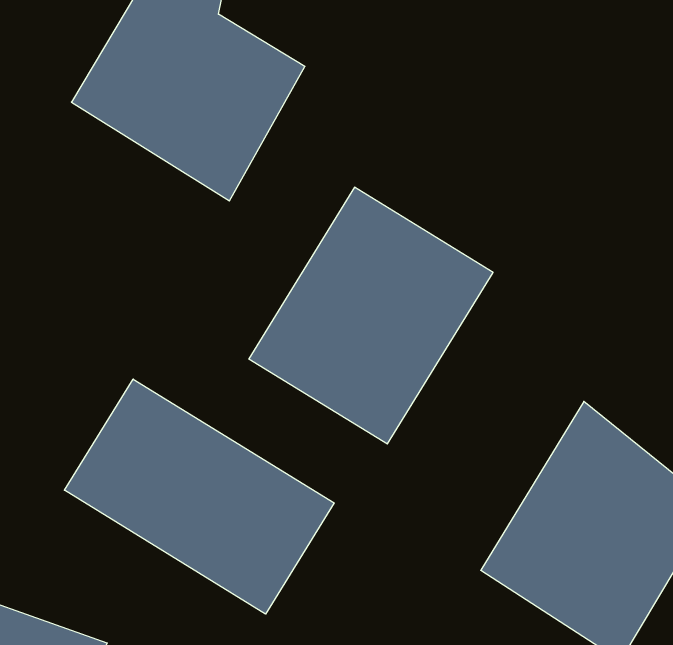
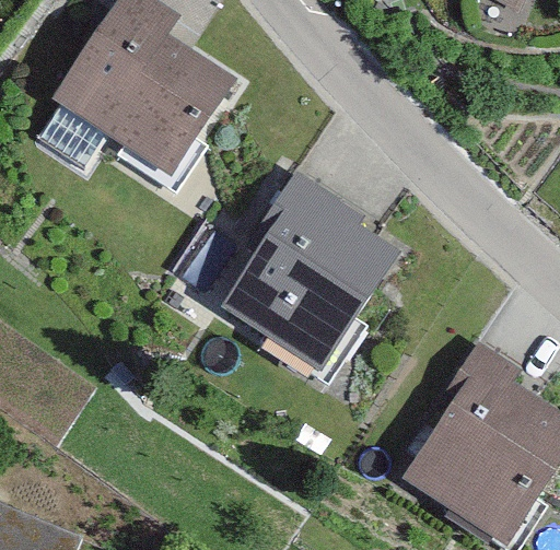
building: [64,379,334,614] -> none

